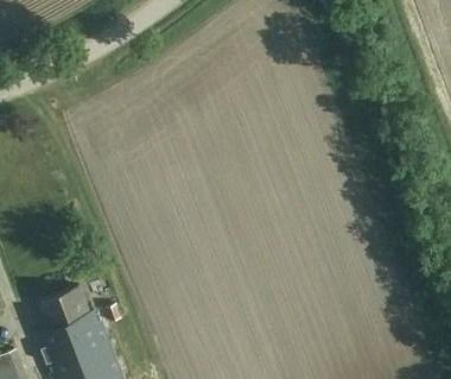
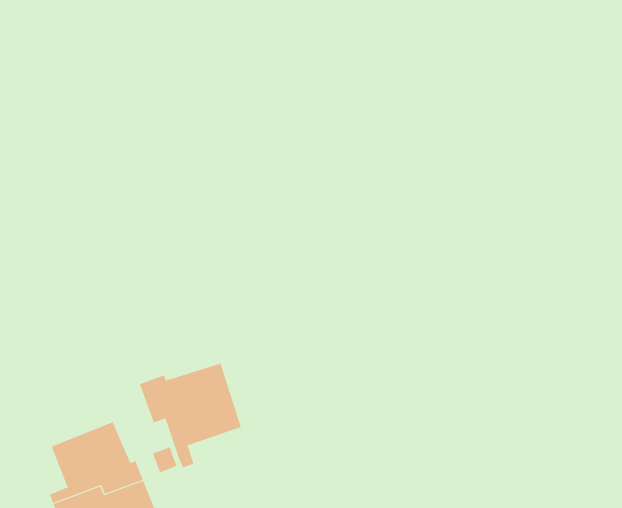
building: none -> [139,363,241,468]

